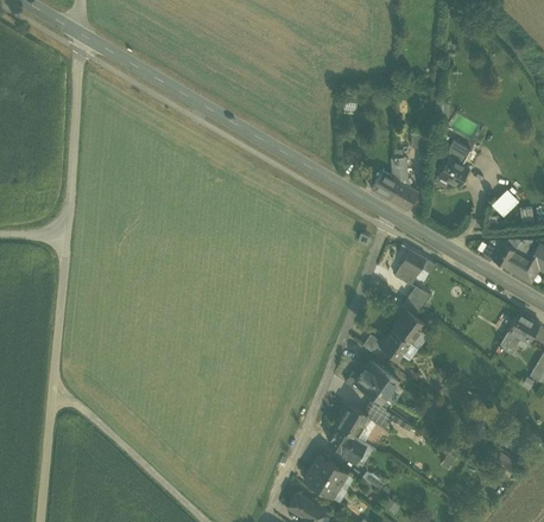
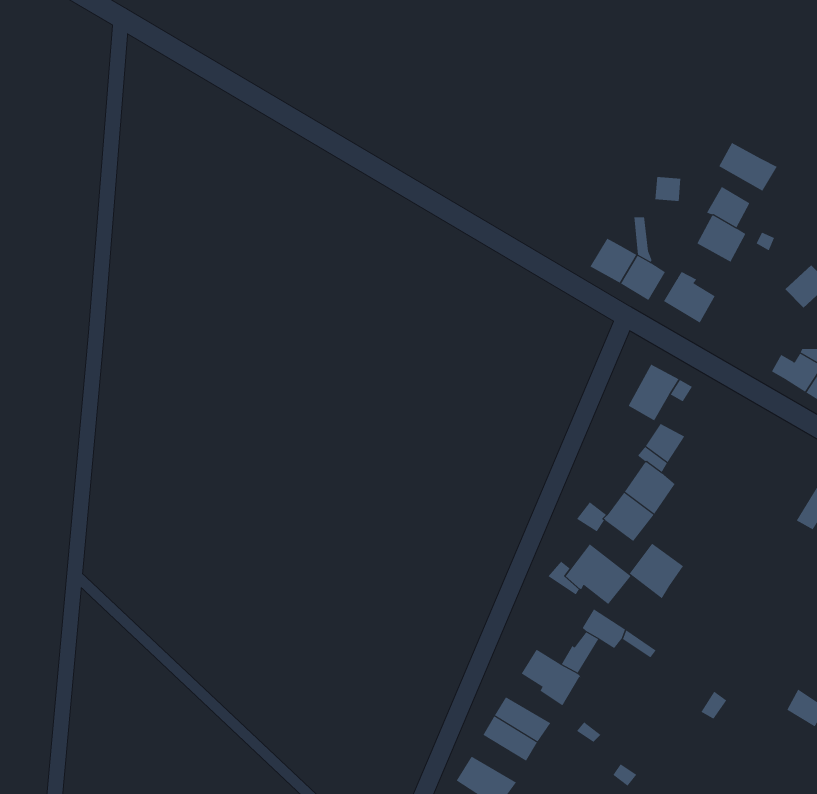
building: none -> [719,142,777,192]
building: none -> [663,271,716,323]
building: none -> [629,543,684,599]
building: [333,406,368,437] -> none

